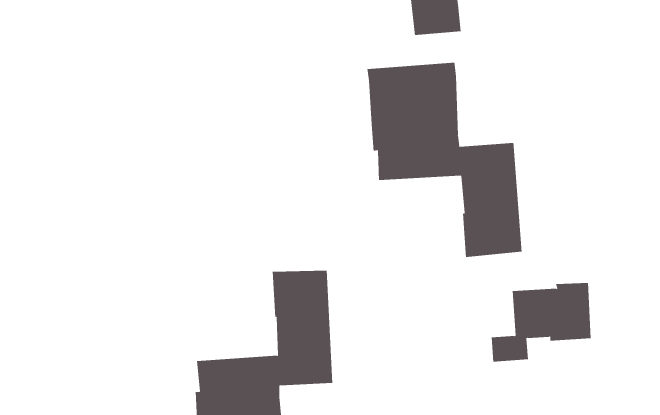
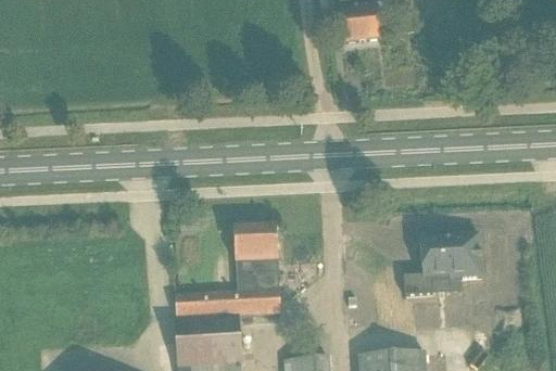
building: [367,62,522,258] -> none

